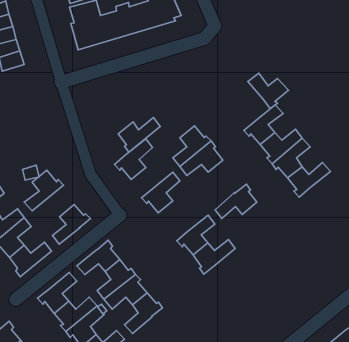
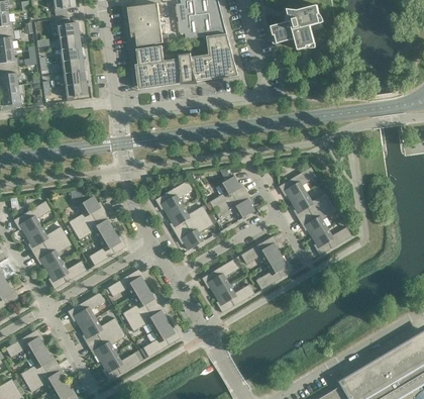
building: [248,73,288,109] -> none
building: [118,118,160,152] -> [169,205,208,233]
building: none -> [74,211,113,239]
building: none -> [256,254,294,289]

